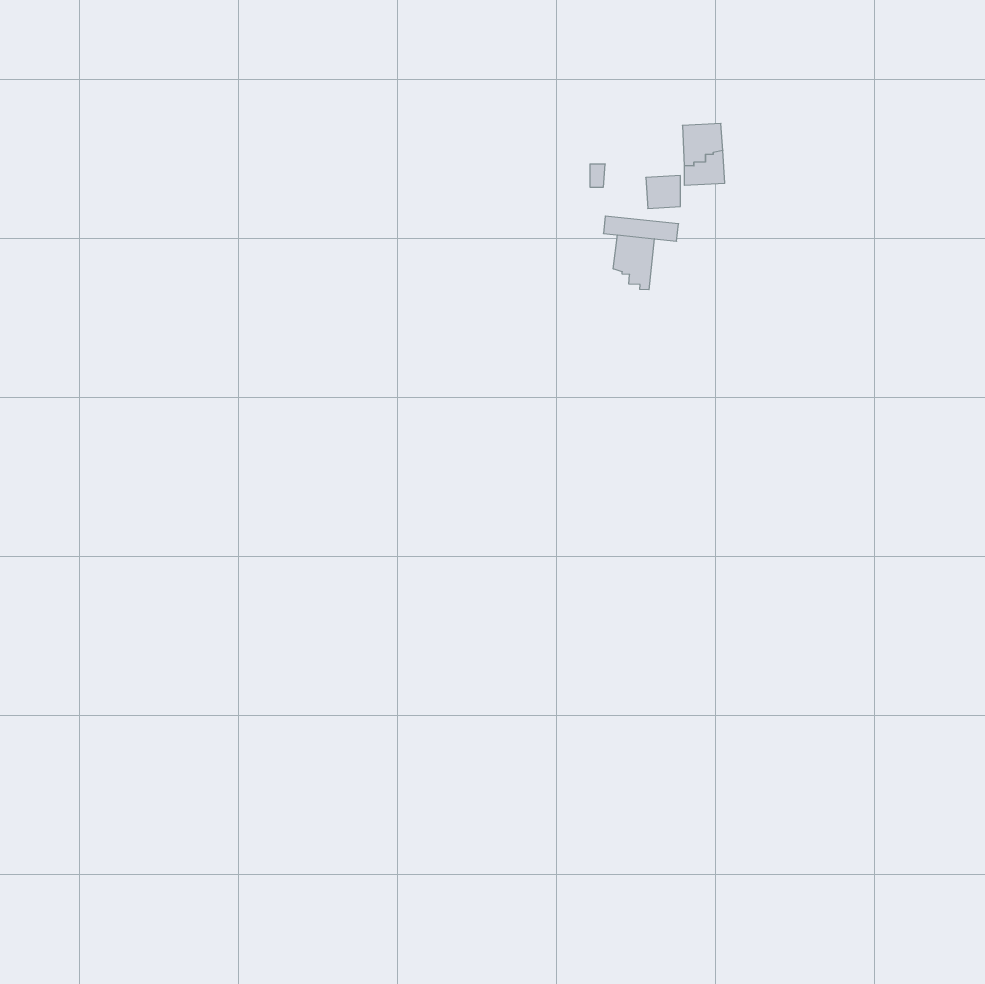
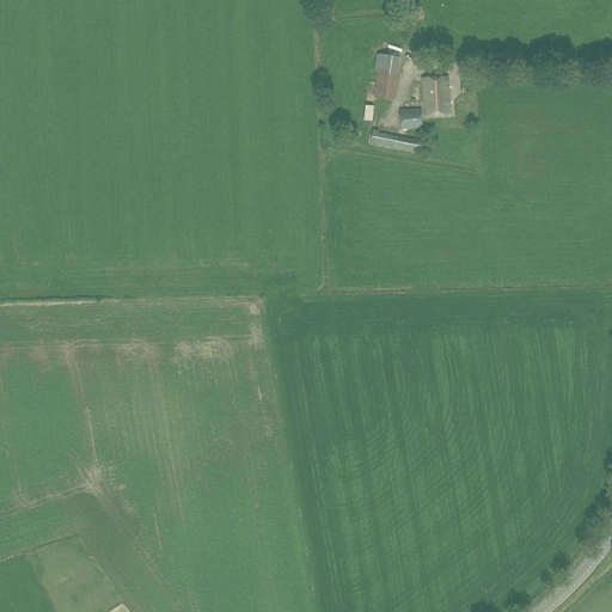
building: none -> [373,53,400,86]
building: [613,235,654,290] -> none

